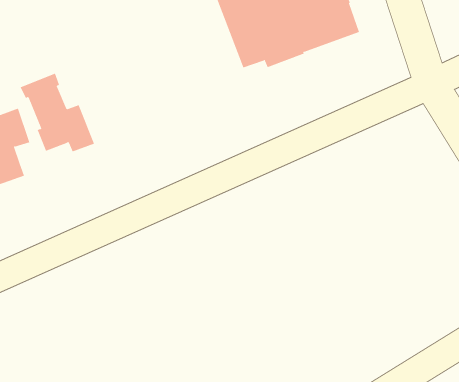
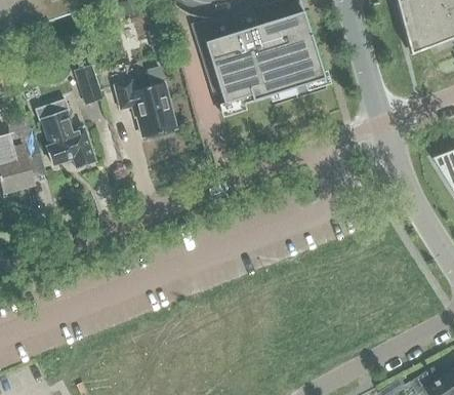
building: none -> [115,66,176,136]
building: none -> [75,64,104,103]

